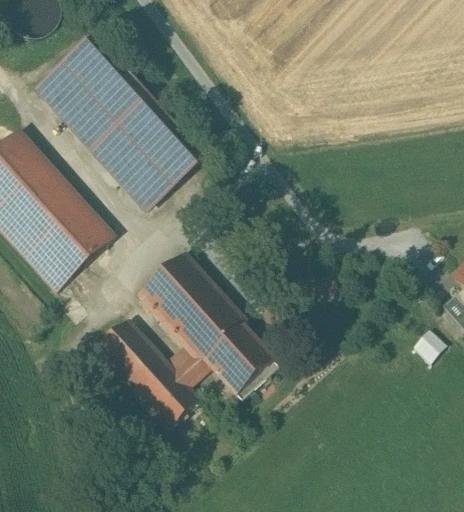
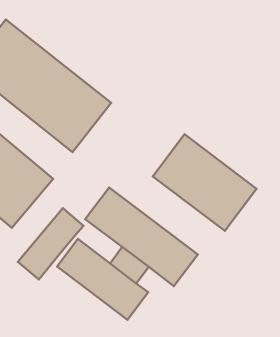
building: none -> [153,134,256,231]
building: none -> [18,208,83,279]

